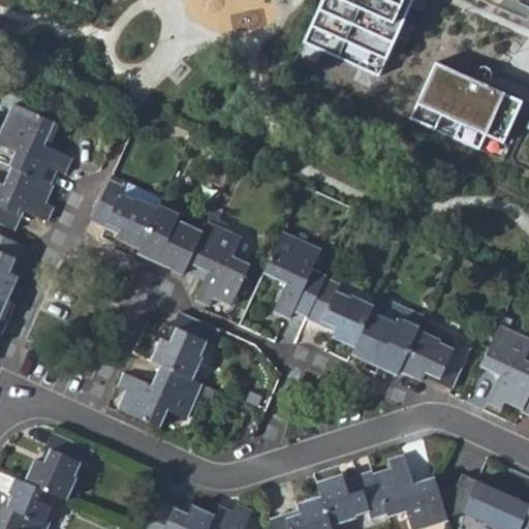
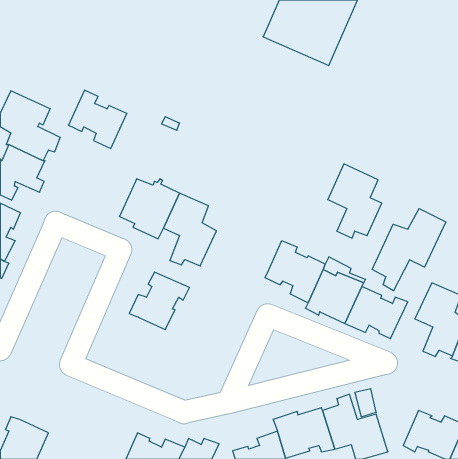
building: [407,68,520,153] -> none
building: [90,182,157,249] -> [68,90,127,149]
building: [262,232,324,318] -> [328,164,382,238]
building: none -> [372,209,446,291]
building: [118,365,212,426] -> none
building: [24,433,94,501] -> none

